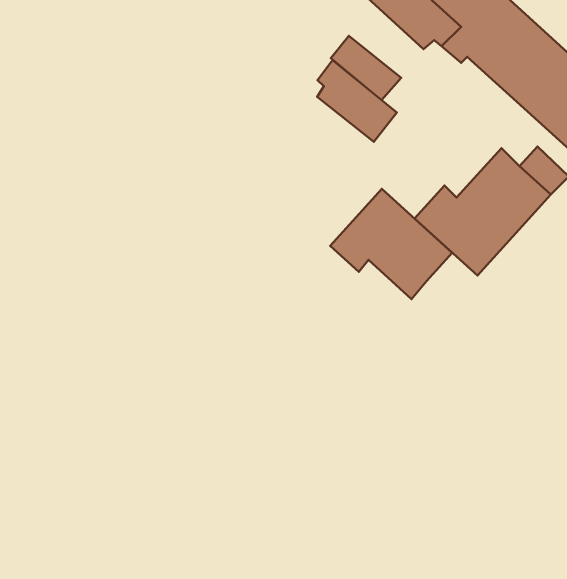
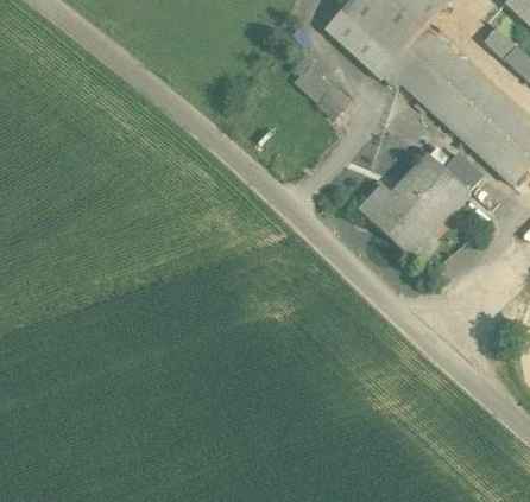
building: [317,60,397,142] -> none
building: [330,189,452,299] -> none

